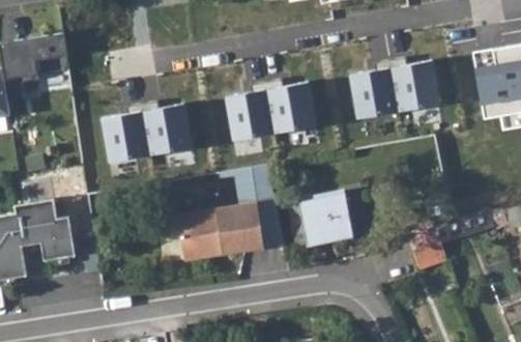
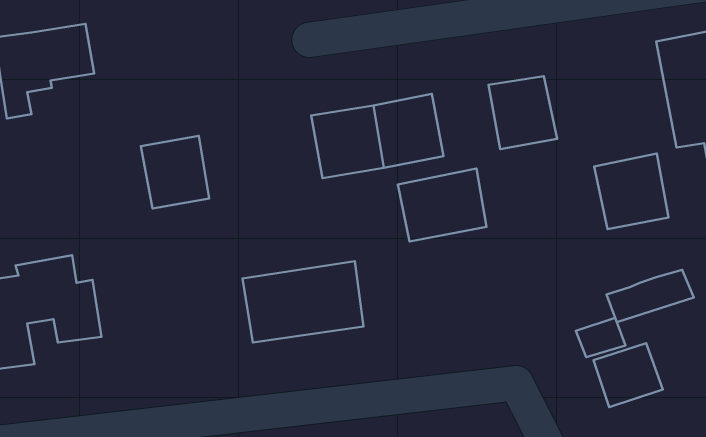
building: [388,61,441,115] -> [594,154,669,229]
building: [143,106,193,158] -> none
building: [288,195,351,247] -> [398,169,487,241]
building: none -> [594,343,663,407]

